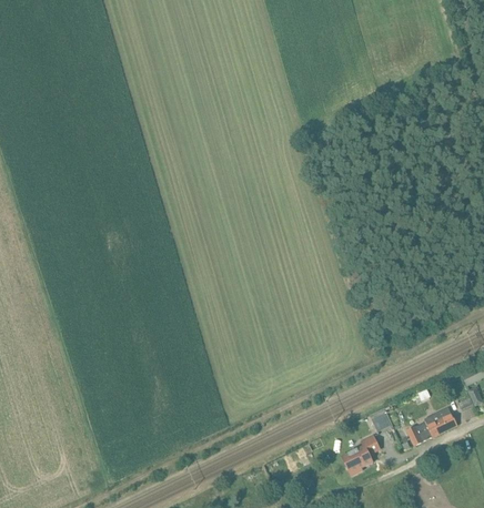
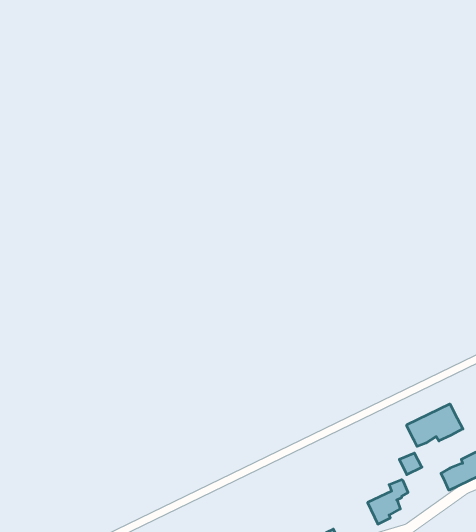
building: none -> [407,404,463,446]

